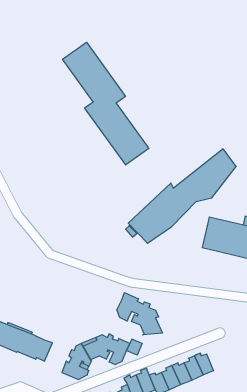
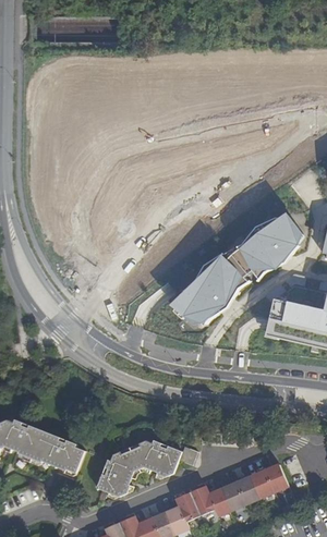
building: [63,42,149,165] -> none
building: [117,293,162,335] -> none

